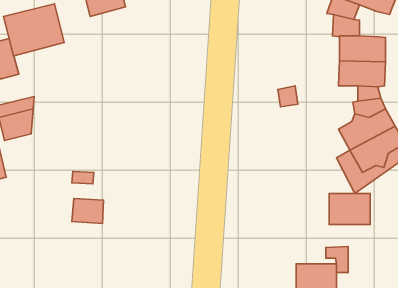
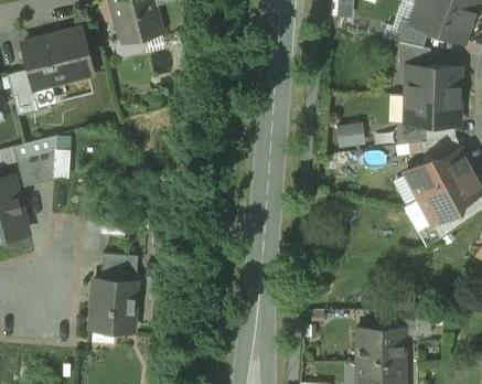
building: none -> [397,122,428,146]
building: [329,194,370,225] -> none
building: none -> [90,279,136,331]

